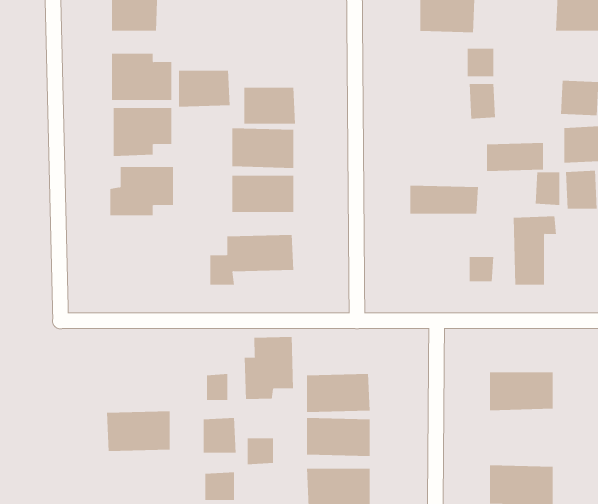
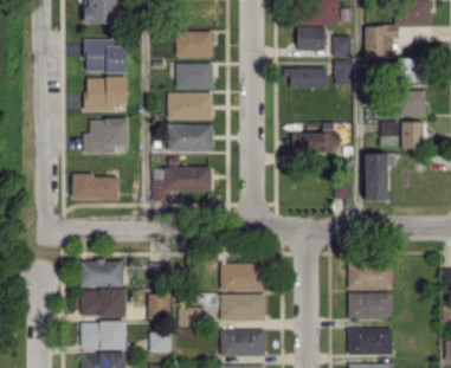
building: none -> [365,25,395,58]
building: none -> [297,27,326,50]
building: [178,70,231,107] -> [176,31,213,57]
building: [486,143,544,171] -> [286,67,327,88]
building: none -> [72,175,118,200]
building: [244,336,294,400] -> none
building: none -> [80,260,123,288]
building: none -> [348,292,393,318]
building: none -> [80,321,125,348]

